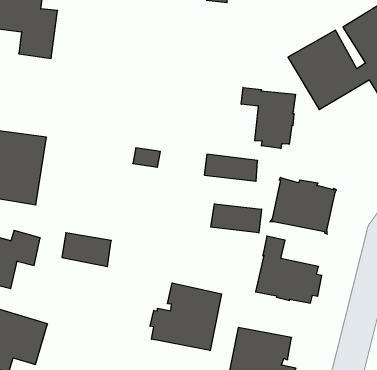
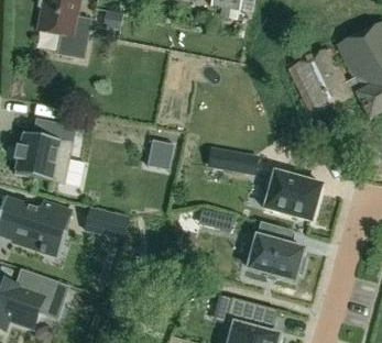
building: [241,87,295,149] -> none
building: [211,204,261,233] -> none
building: [150,283,222,351] -> none

